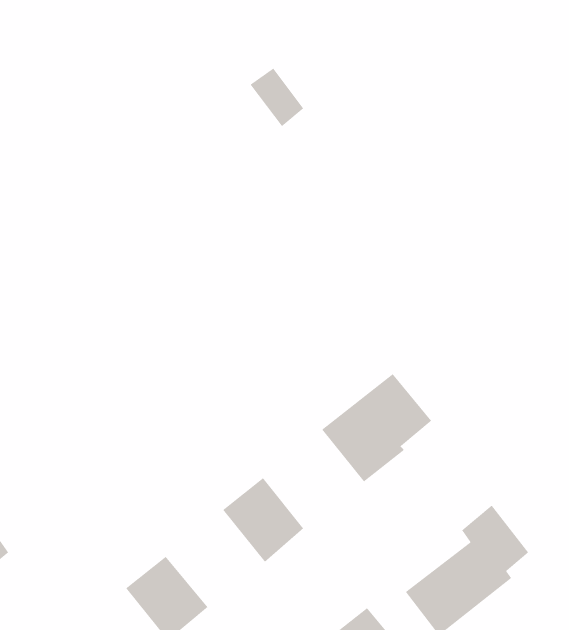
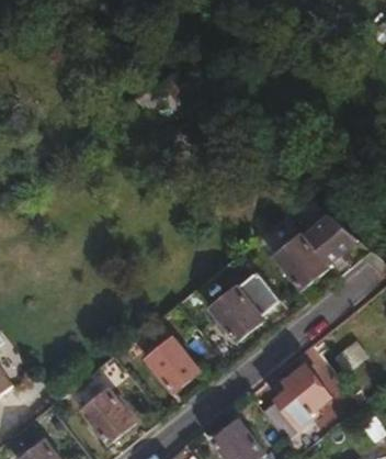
building: none -> [274,212,357,288]

